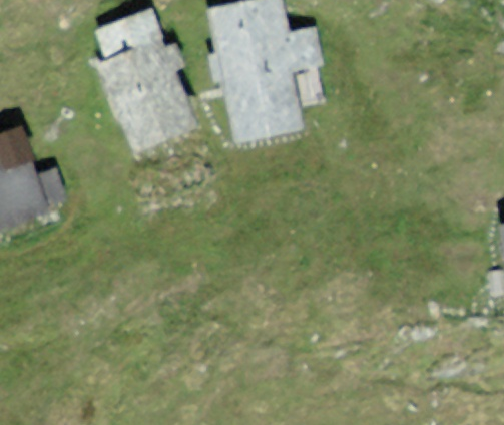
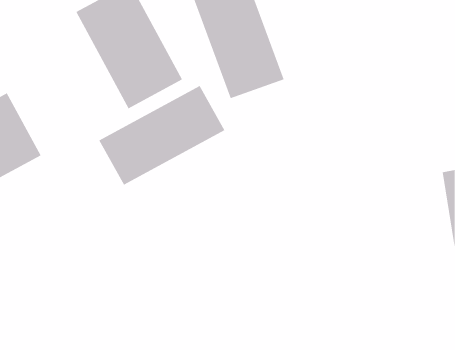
building: none -> [99,85,225,186]

